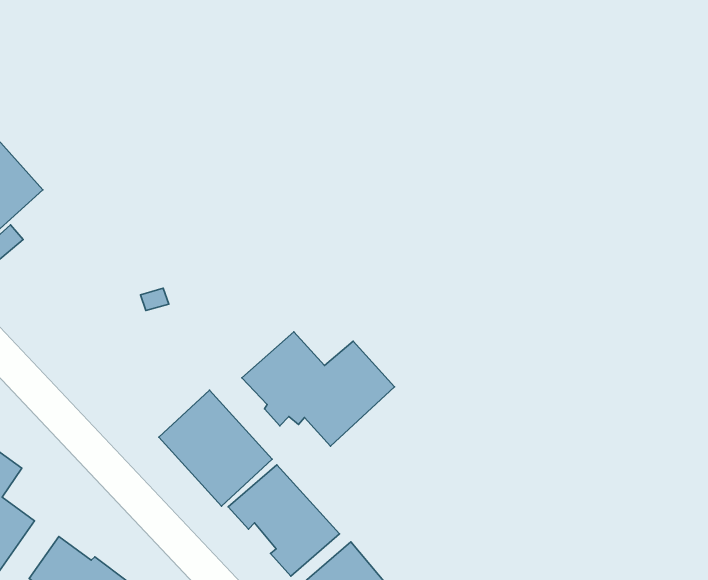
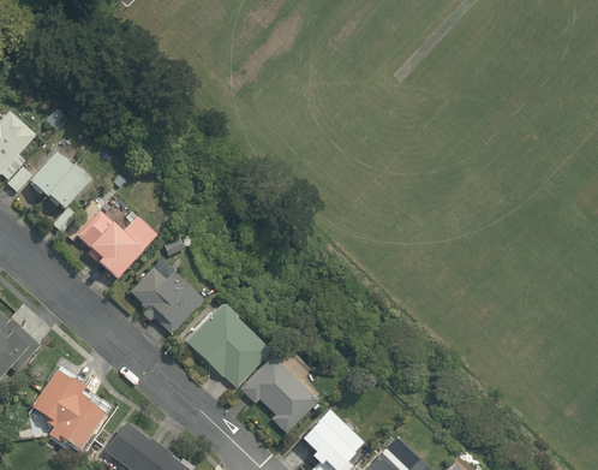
building: none -> [76,207,159,282]
building: none -> [128,267,203,333]
building: [242,332,394,446] -> none

